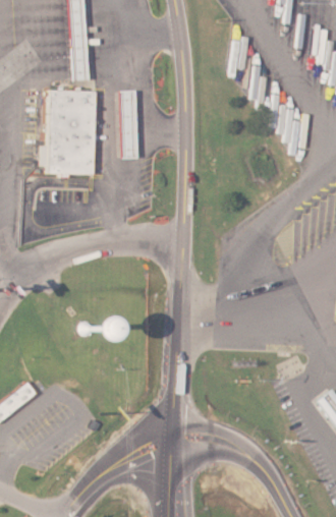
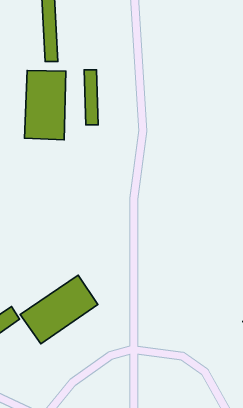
building: none -> [20,275,98,344]

